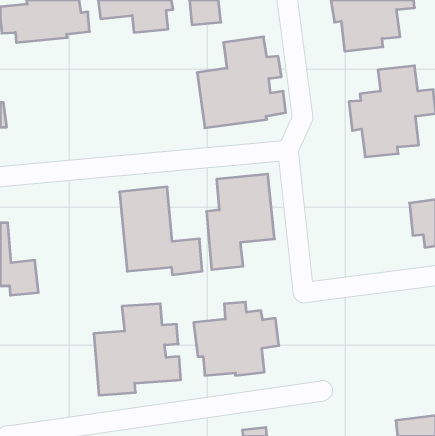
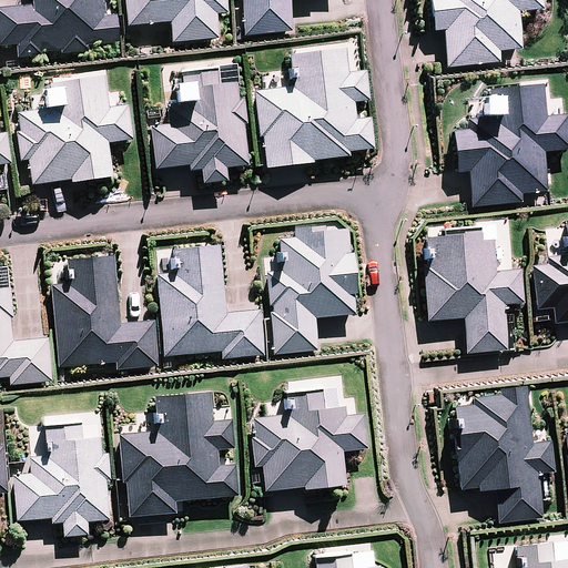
building: none -> [154,71,246,182]
building: none -> [17,78,131,186]
building: none -> [424,230,520,351]
building: none -> [54,256,158,371]
building: none -> [453,387,549,521]
building: none -> [18,424,113,537]

